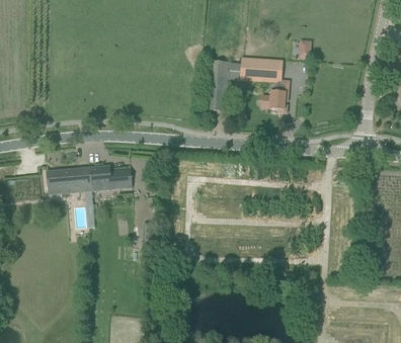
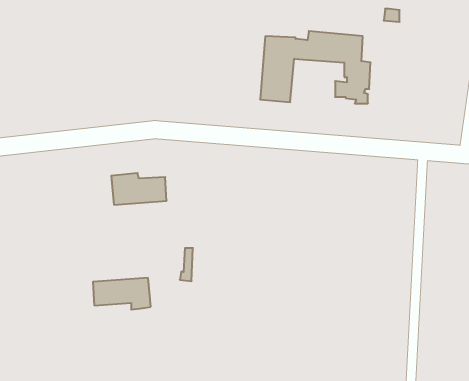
building: [47,166,91,190] -> [93,278,151,309]

